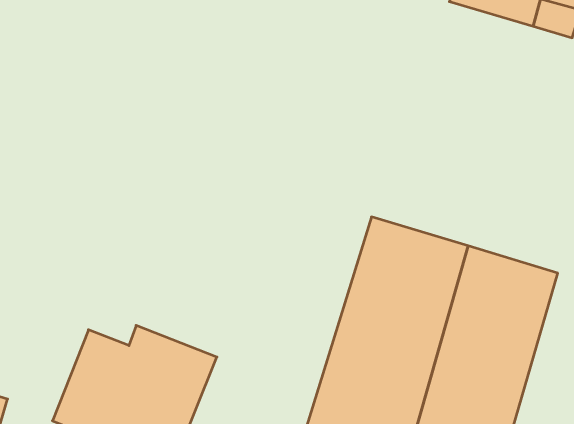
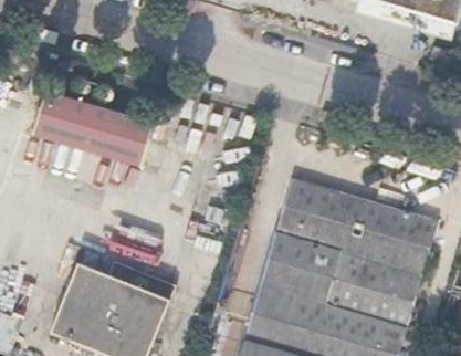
building: none -> [42,86,159,166]

